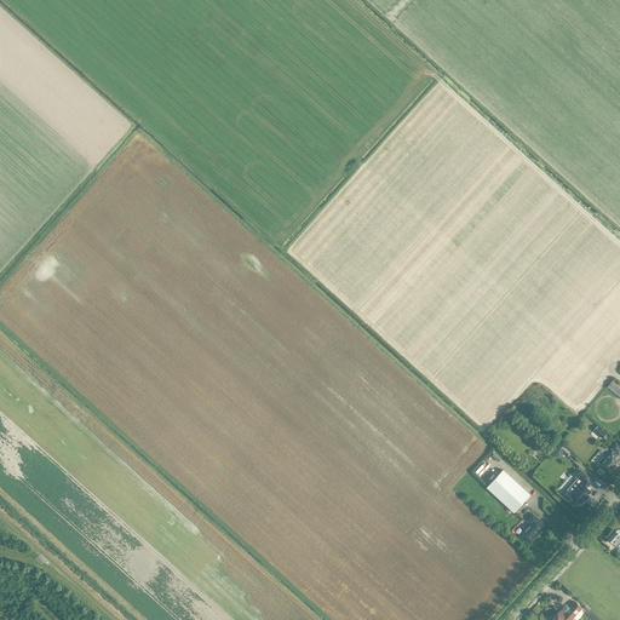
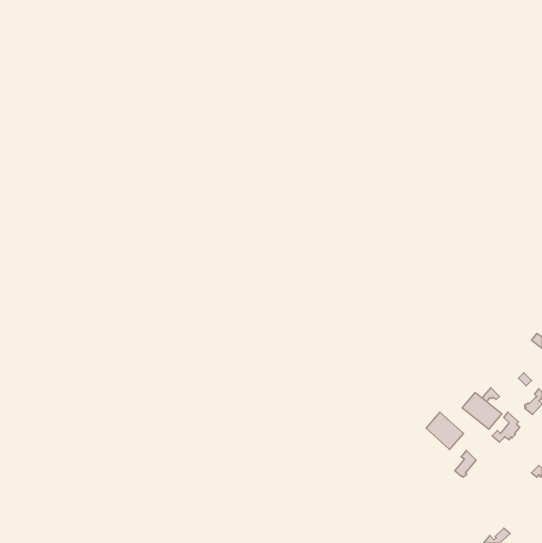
building: none -> [462,392,502,429]

